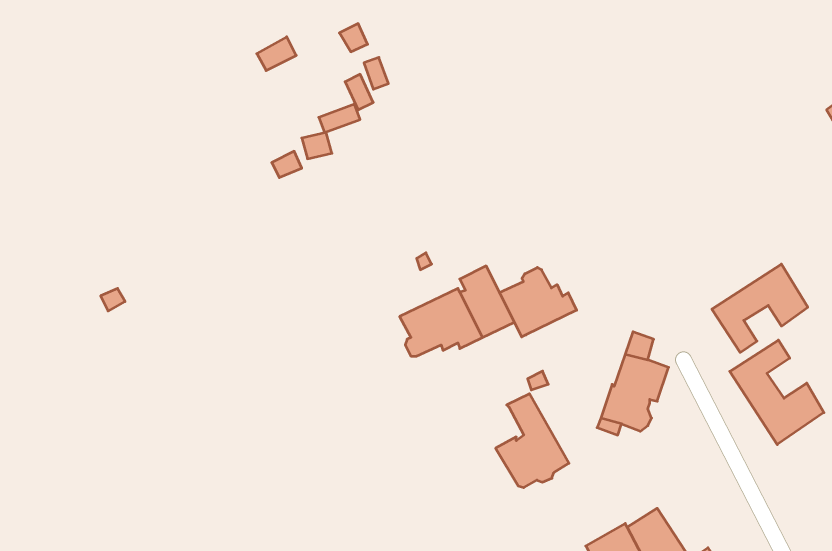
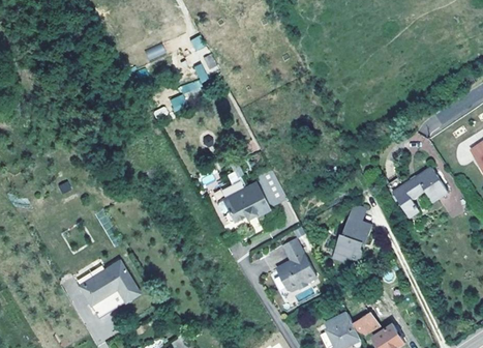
building: [499,267,577,337] -> none
building: [730,340,824,445] -> none
building: none -> [79,261,141,319]

